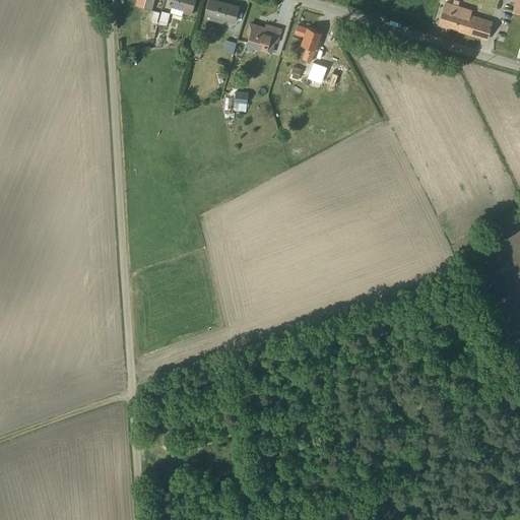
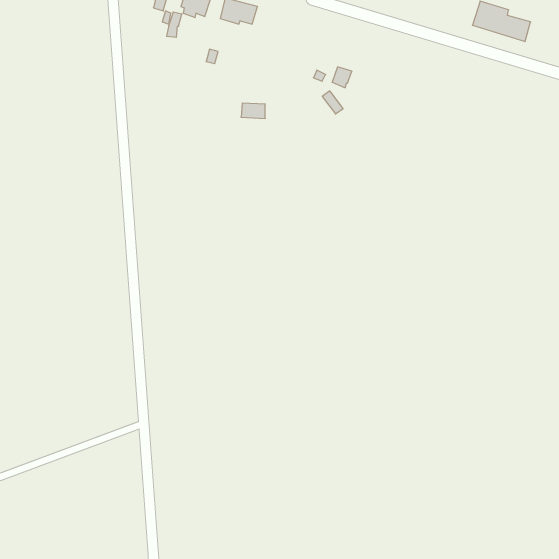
building: [247,23,282,54] -> none
building: [295,24,321,61] -> none

